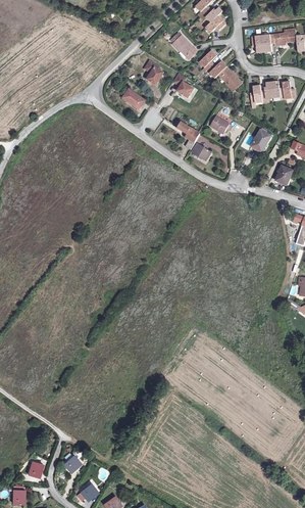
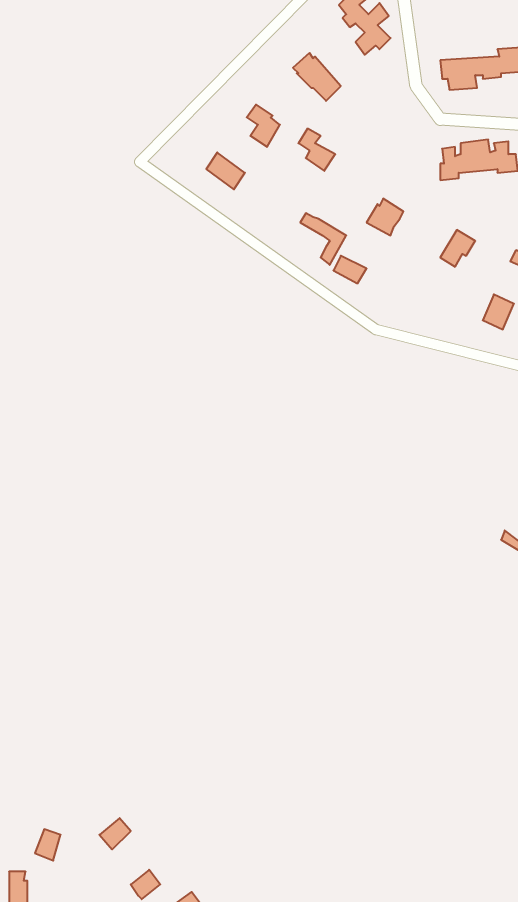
building: [200,50,242,91] -> none

